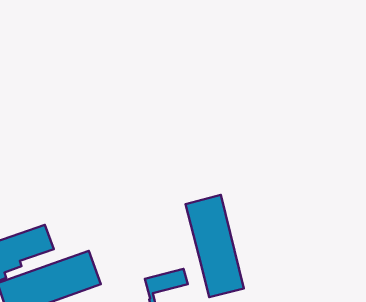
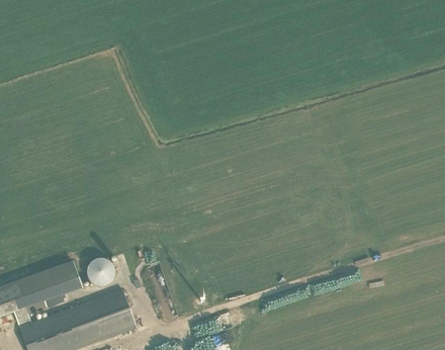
building: [186,195,244,297] -> none
building: none -> [83,252,116,285]

